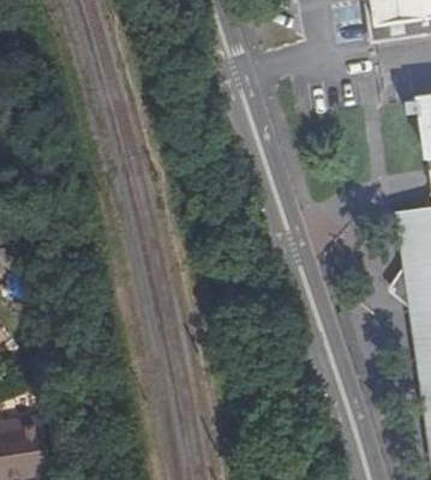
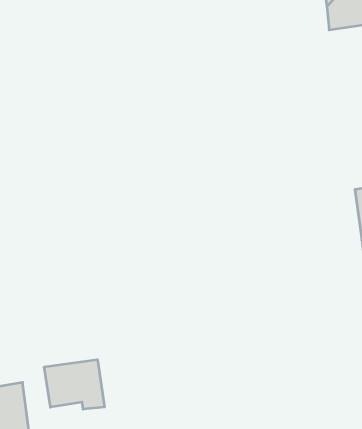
building: none -> [44,360,104,409]

